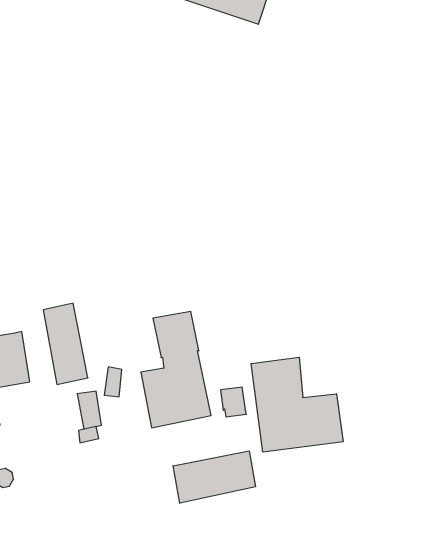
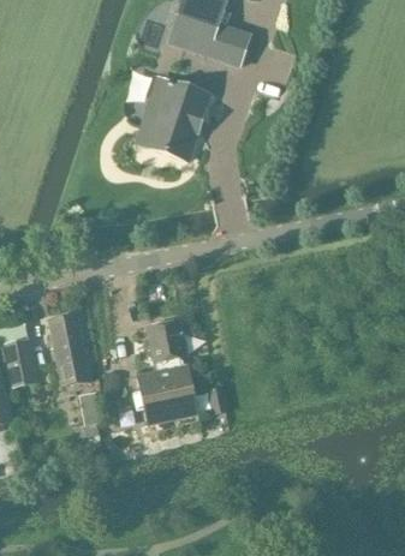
building: none -> [136,77,210,160]
building: [251,357,343,452] -> none
building: [173,451,255,503] -> none

